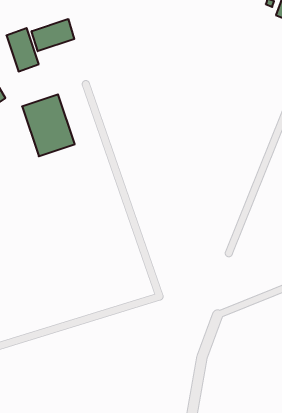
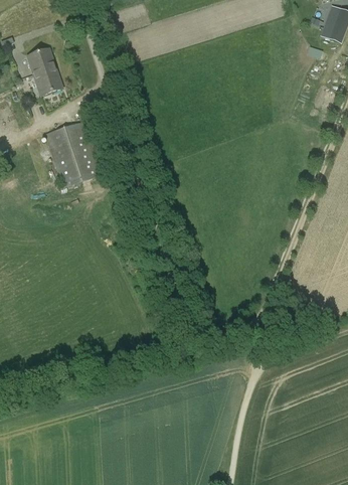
building: [32,19,74,51] -> none

